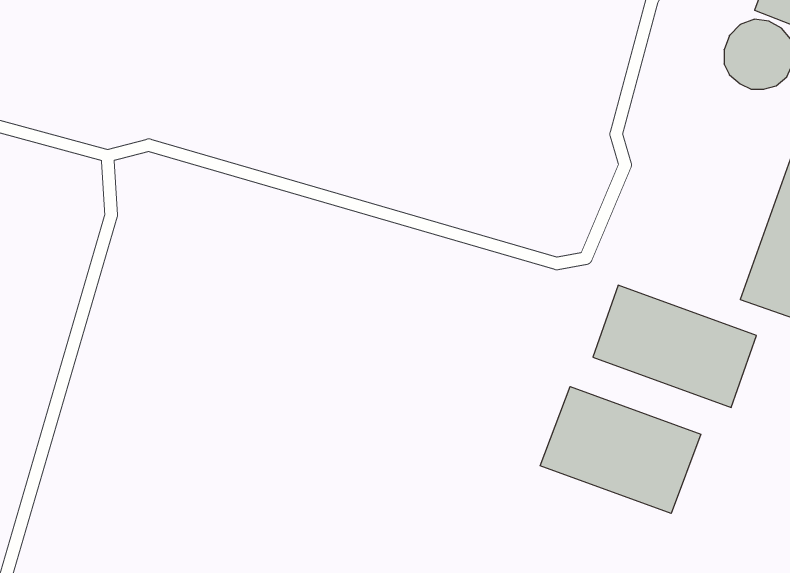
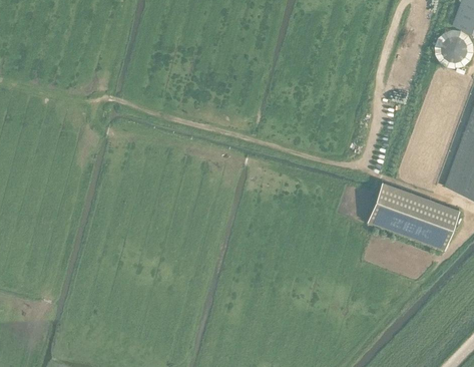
building: [540,387,701,513] -> none

